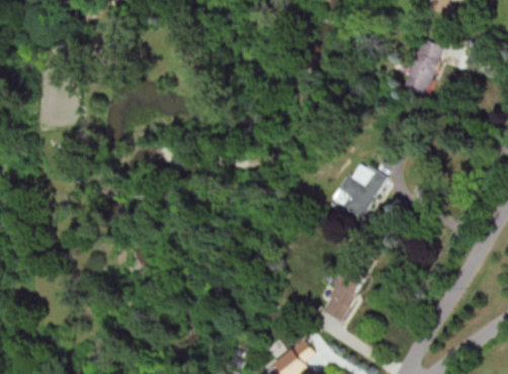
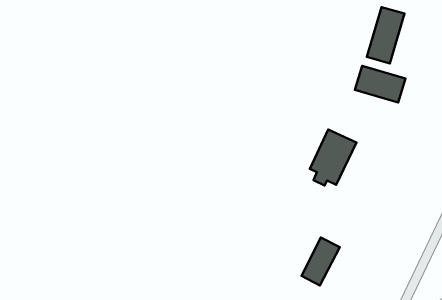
building: none -> [355,66,406,103]

